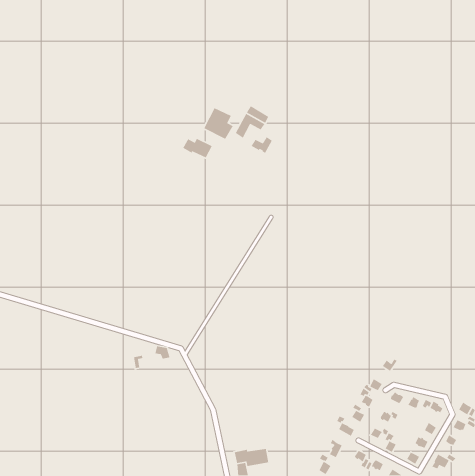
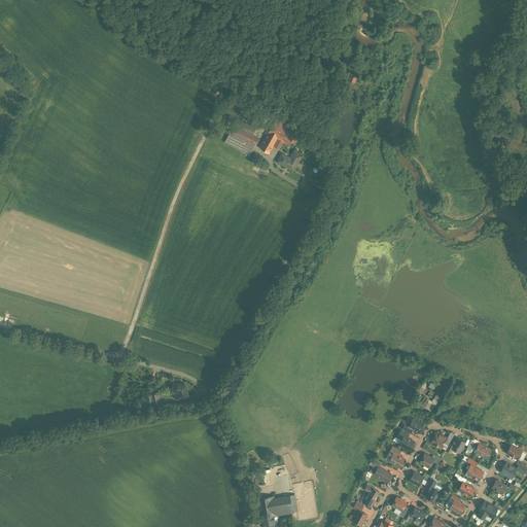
building: [182,138,213,159] -> none

